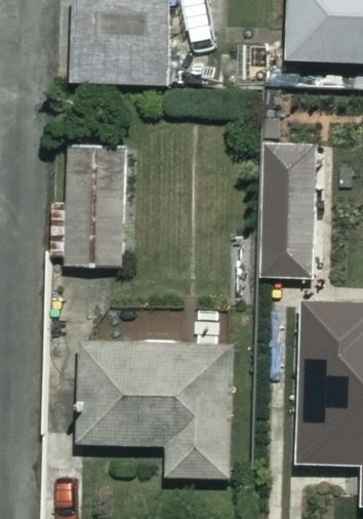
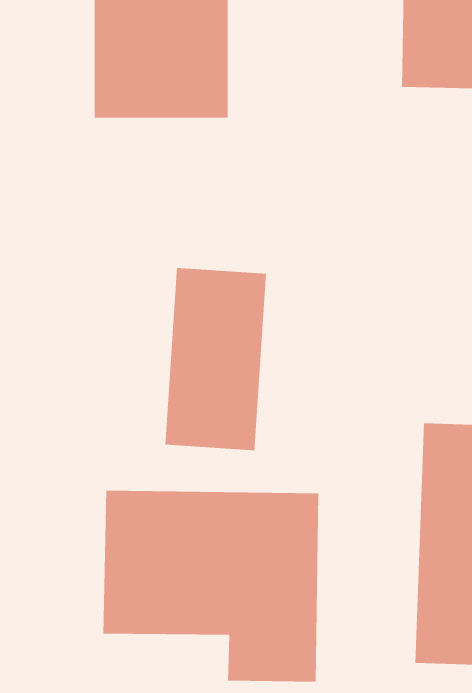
building: [51,139,123,268] -> [164,268,267,451]
building: [261,145,330,279] -> none

